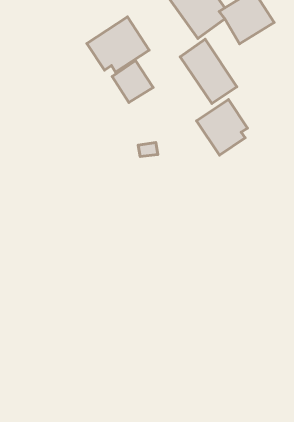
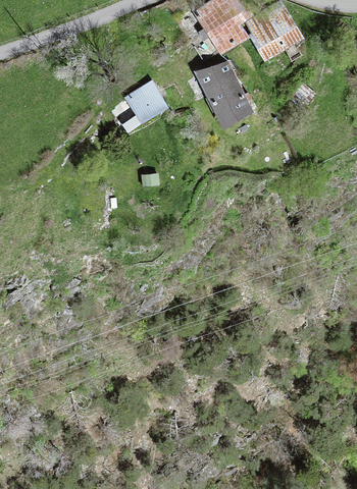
building: [87,17,149,72] -> none
building: [196,99,247,155] -> none

